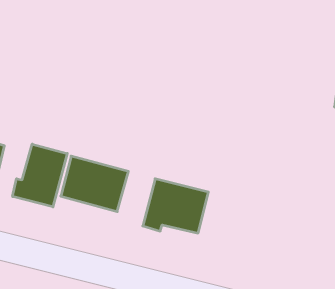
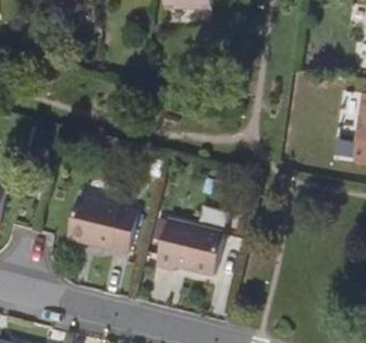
building: [13,144,67,207] -> none

